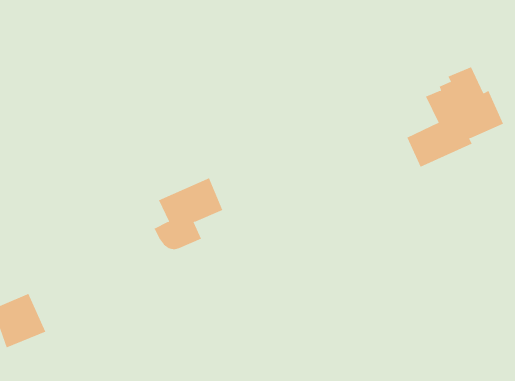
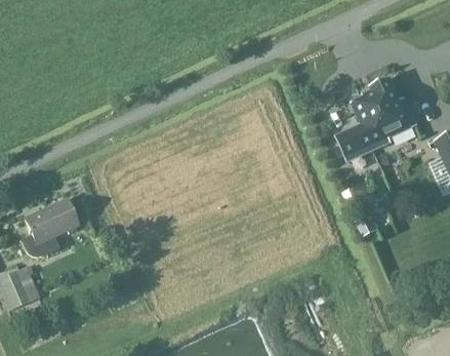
building: [153,178,223,250] -> [19,200,77,260]

